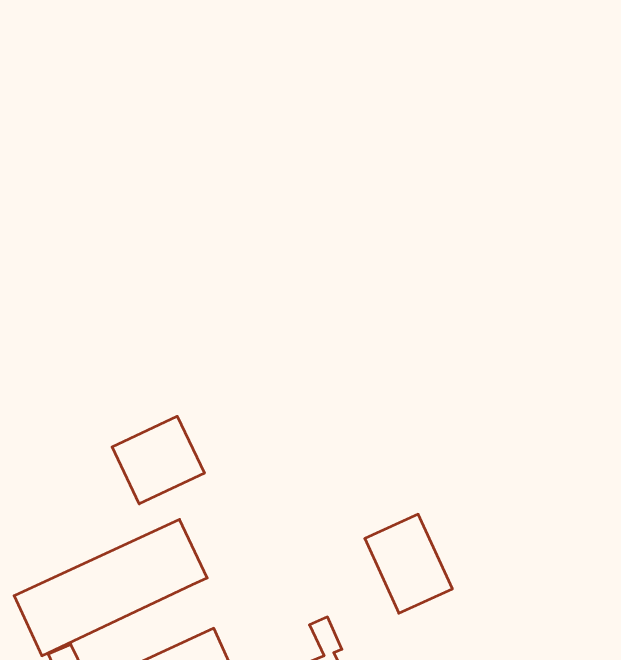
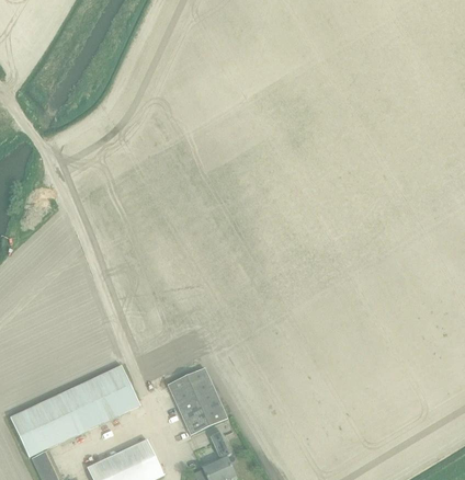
building: [112,416,204,504] -> none
building: [365,514,452,613] -> [168,367,227,434]

